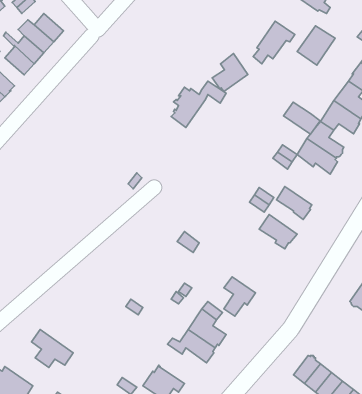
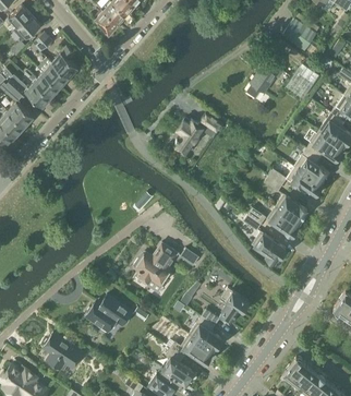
building: [212,53,248,92] -> none
building: [283,102,320,134] -> [276,195,308,224]
building: none -> [132,249,176,290]
building: none -> [86,296,133,332]
building: none -> [164,348,195,385]

